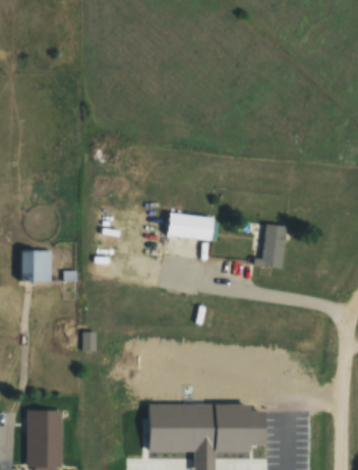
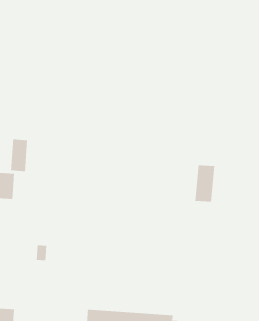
building: none -> [10,138,28,172]
building: [169,213,216,242] -> none

